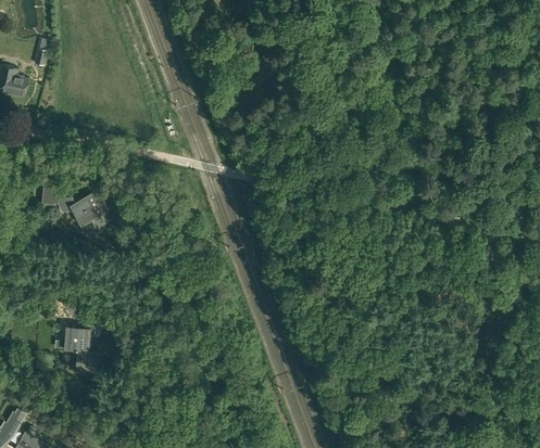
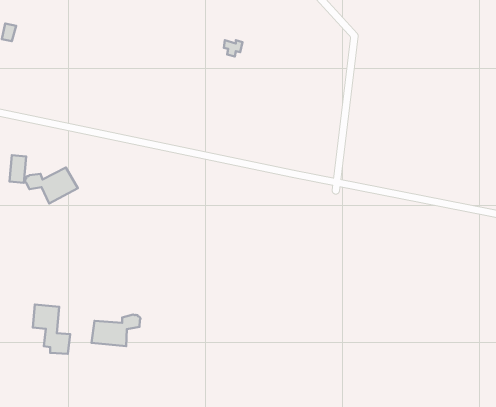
building: none -> [92,315,140,346]

